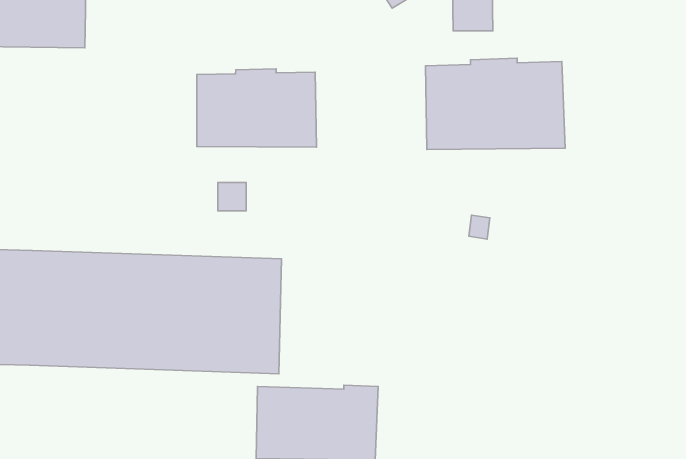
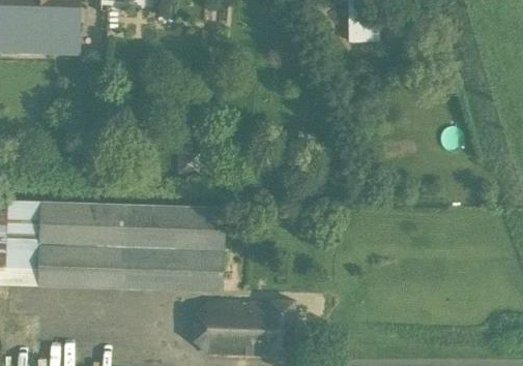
building: [426,58,565,150] -> none
building: [197,69,317,147] -> none

